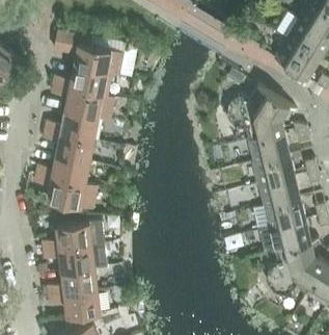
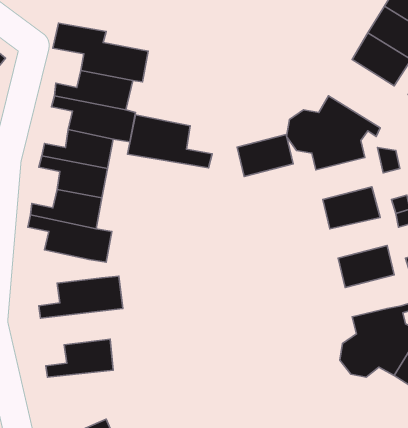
building: none -> [127,115,212,168]
building: [248,131,290,162] -> [237,134,293,176]
building: [258,176,301,206] -> none
building: [270,218,311,250] -> none
building: [44,243,107,270] -> none
building: [49,289,101,316] -> none

